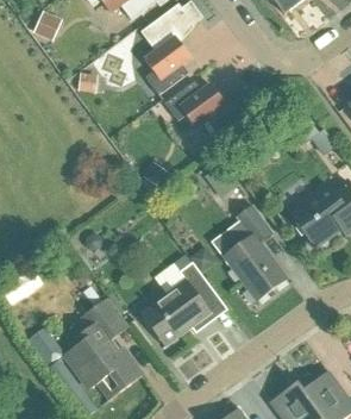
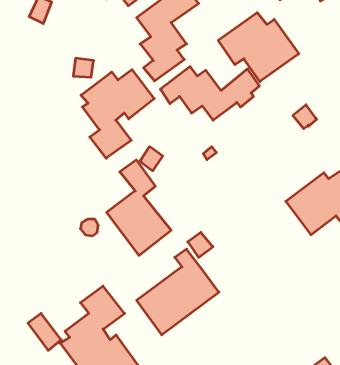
building: none -> [218,13,299,82]
building: none -> [81,70,154,158]
building: [222,207,287,302] -> [107,160,171,255]

